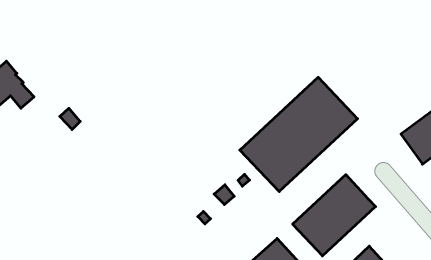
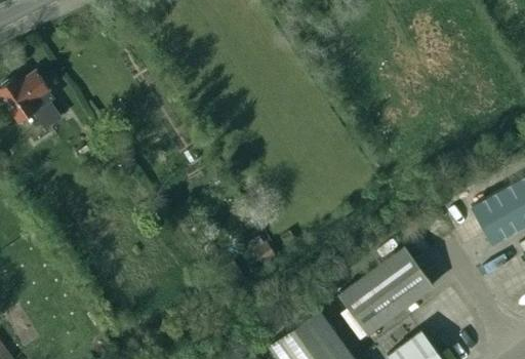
building: [240,77,358,192] -> none

